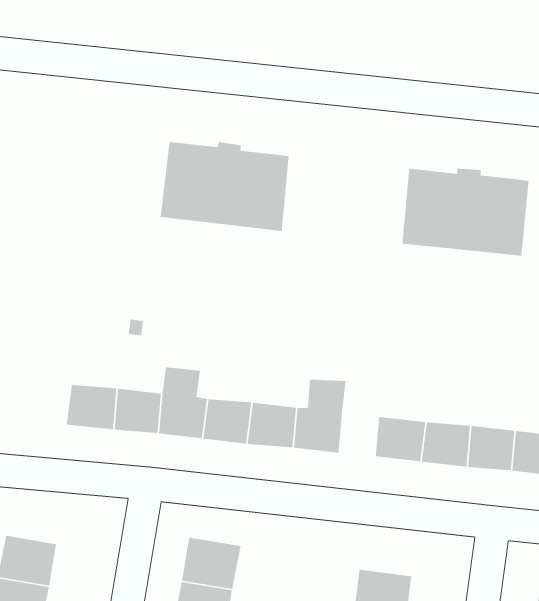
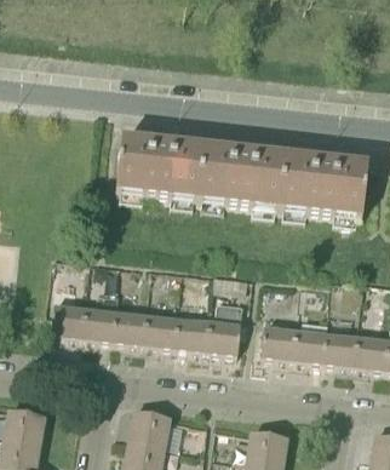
building: none -> [199,149,285,210]

